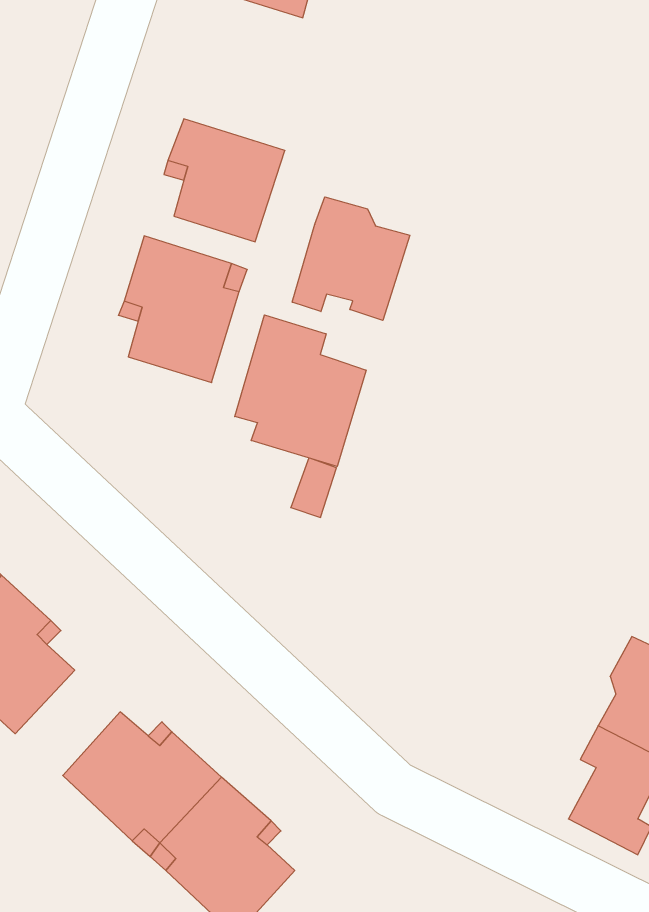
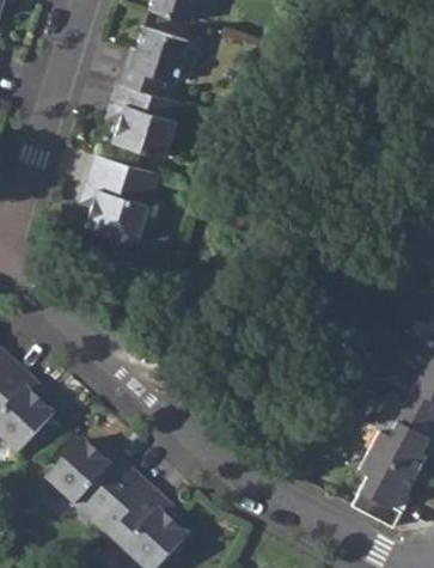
building: none -> [120,26,189,97]
building: [292,197,410,320] -> none
building: [235,315,366,467] -> none

